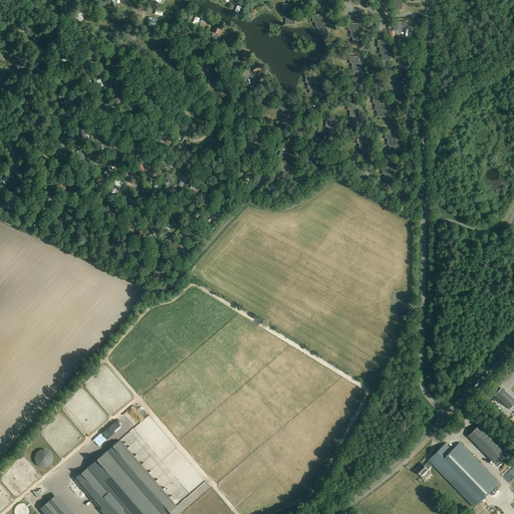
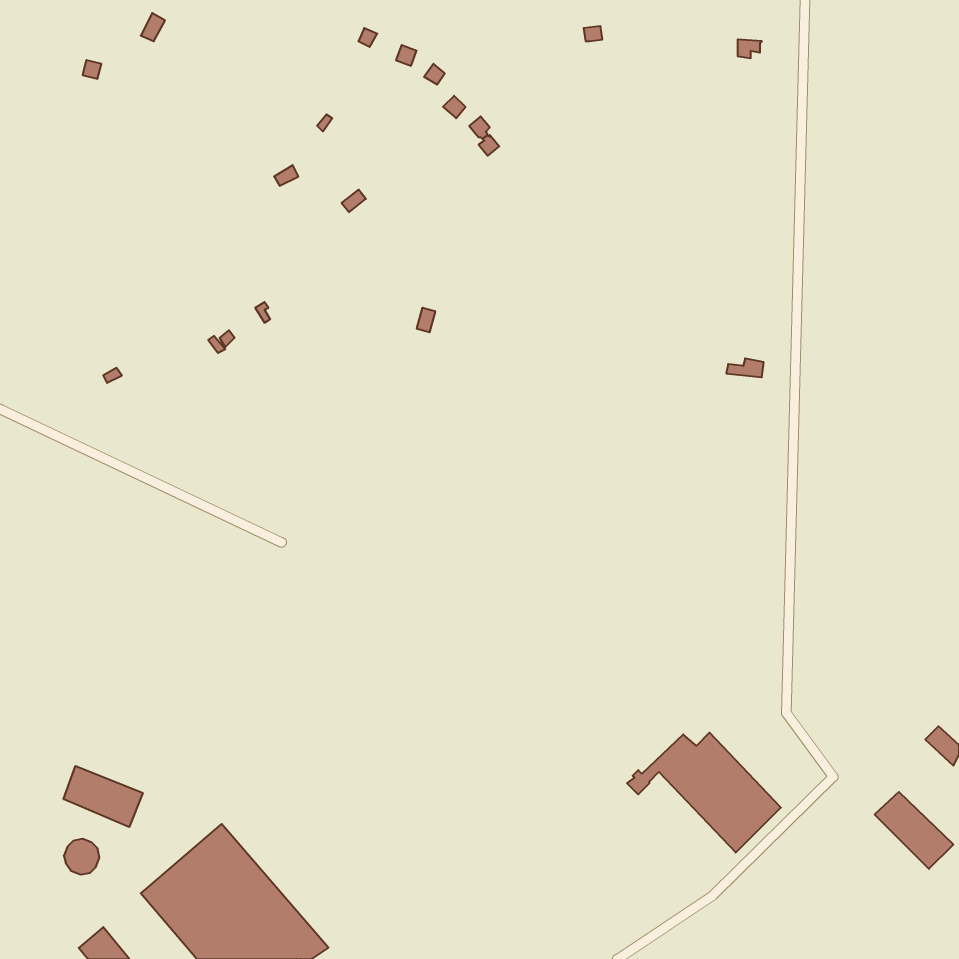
building: none -> [64,766,143,827]
building: [416,443,498,507] -> [627,733,781,853]

